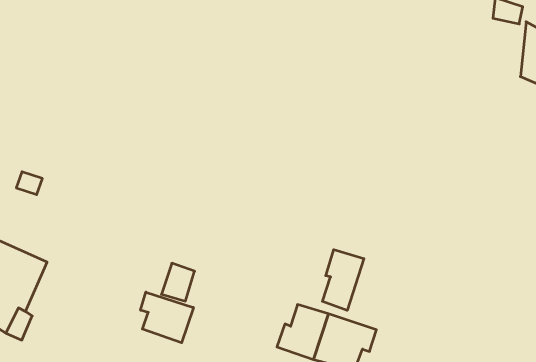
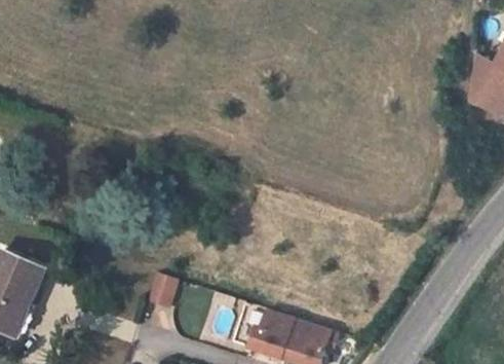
building: [322,250,364,310] -> none
building: [141,292,193,343] -> none

